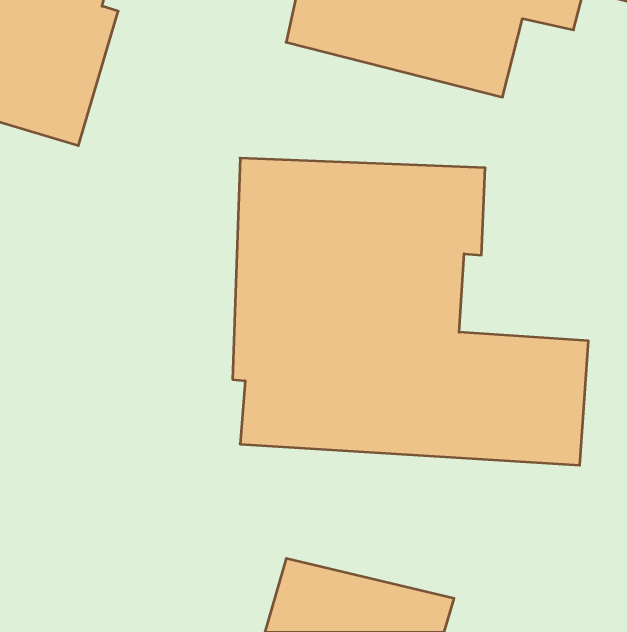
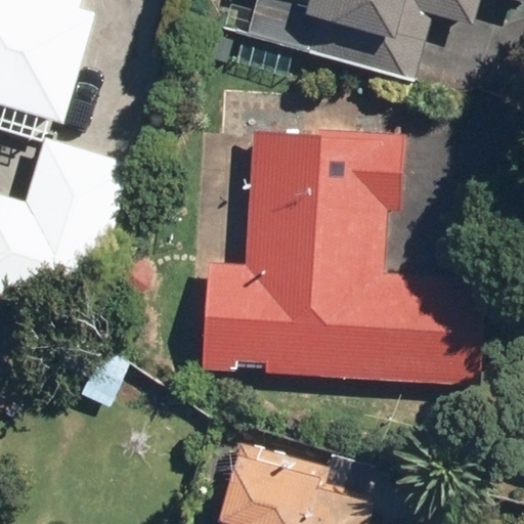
building: none -> [5,139,128,297]

